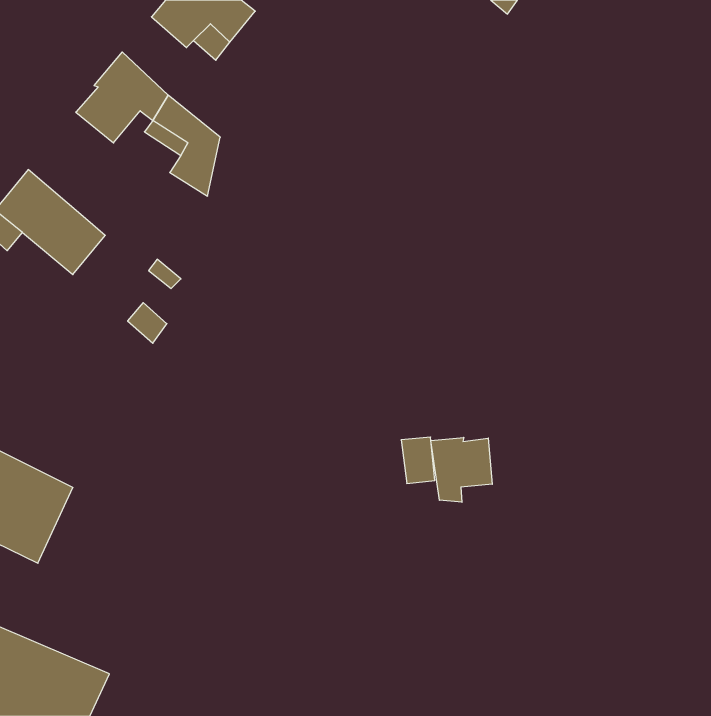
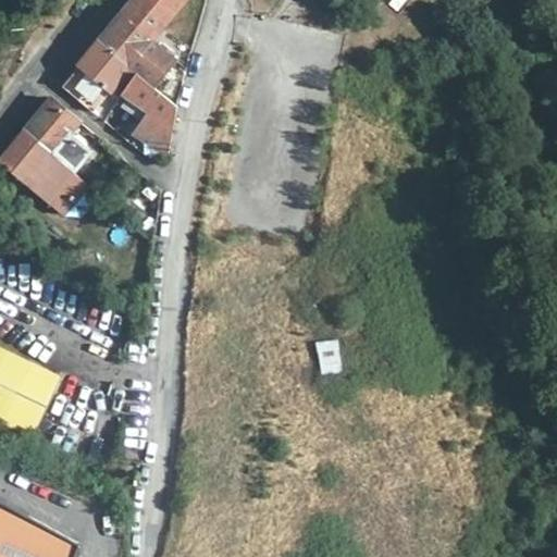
building: none -> [95,13,171,88]
building: none -> [22,100,83,170]
building: [431,437,492,502] -> none

